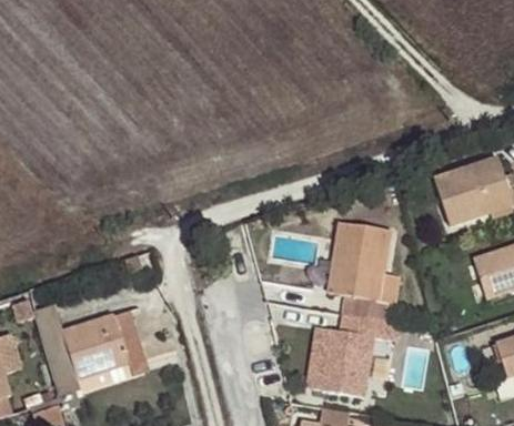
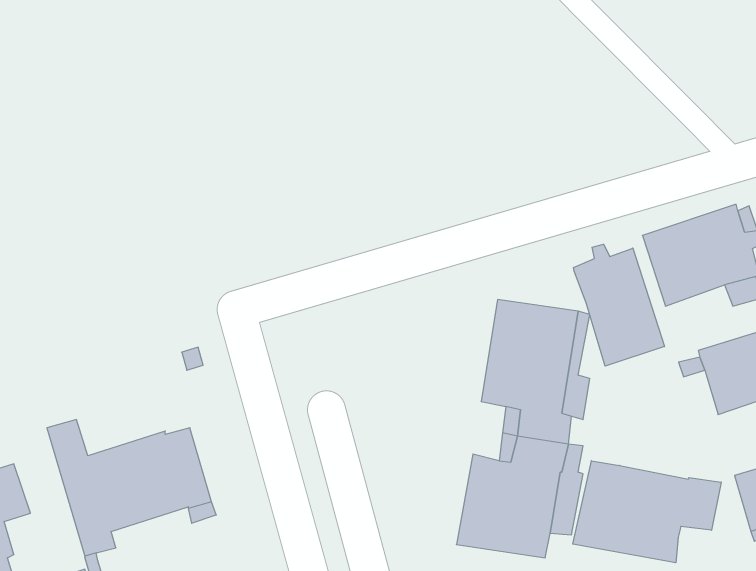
building: none -> [574,244,664,366]
building: none -> [573,461,721,563]

